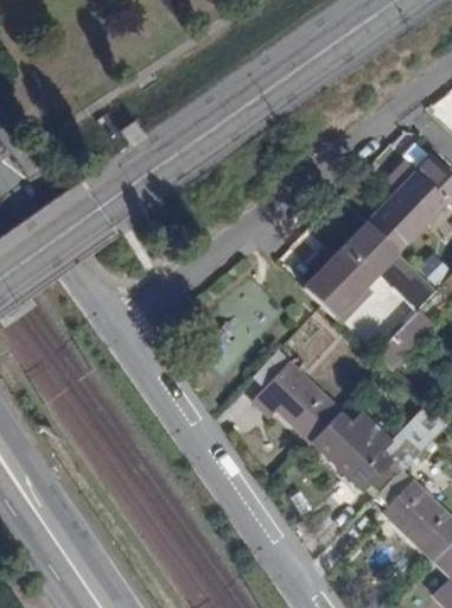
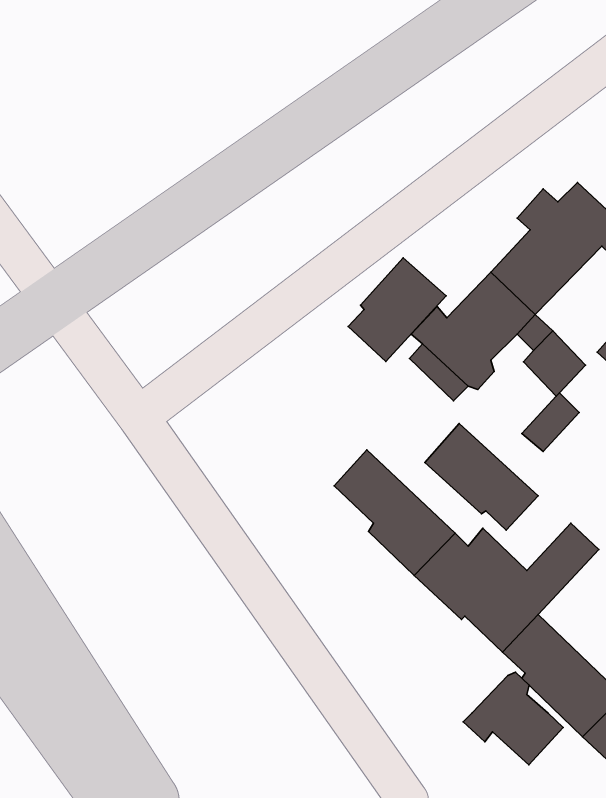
building: none -> [348,258,446,361]
building: none -> [425,423,538,530]
building: none -> [463,672,563,765]

